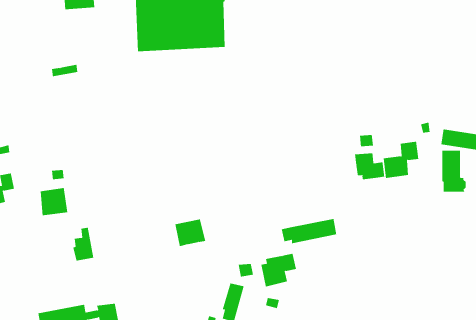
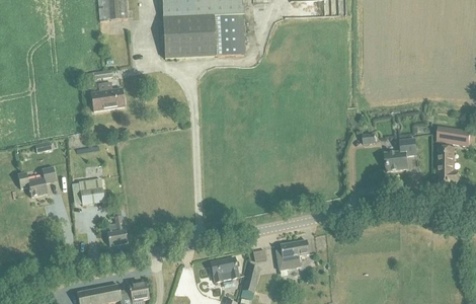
building: none -> [91,87,125,109]
building: [354,153,385,180] -> none
building: [281,218,337,244] -> none
building: [174,219,206,247] -> [211,255,239,281]

